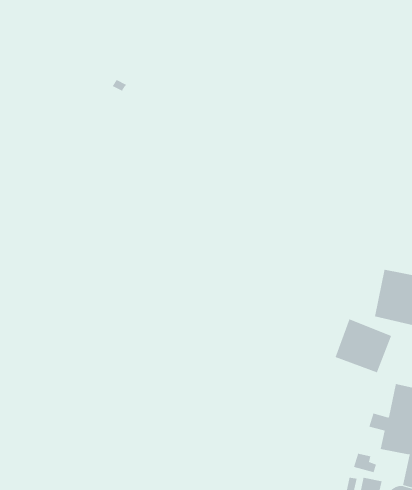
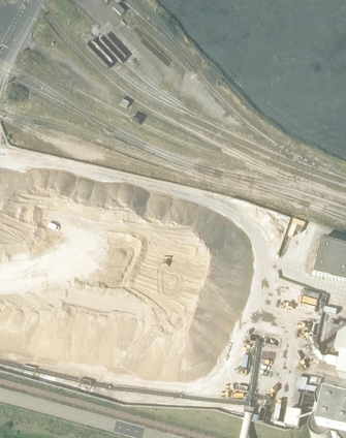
building: [335,318,392,373] -> none

